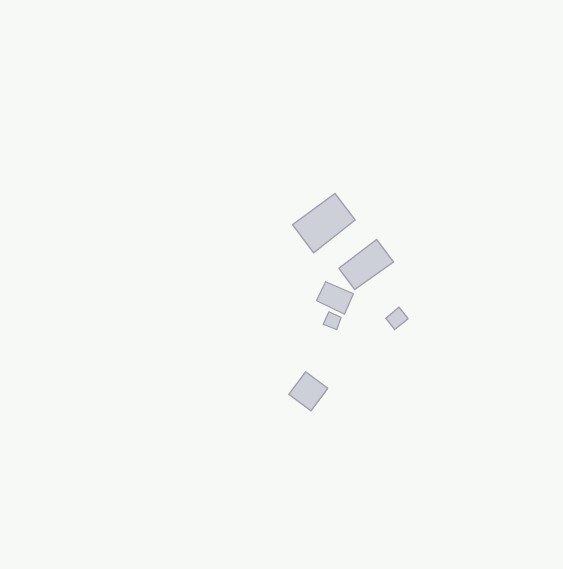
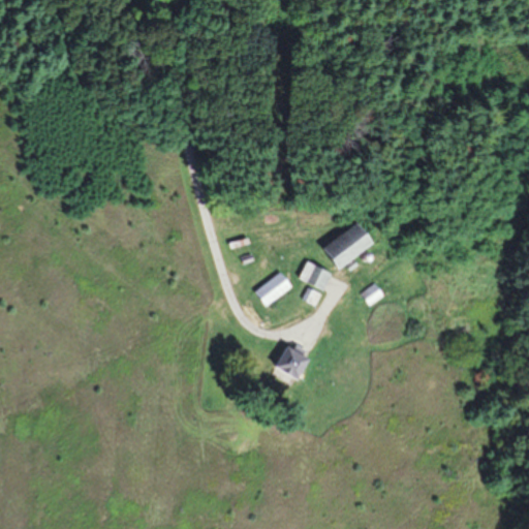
building: [293,193,355,253] -> none
building: none -> [255,272,292,307]

